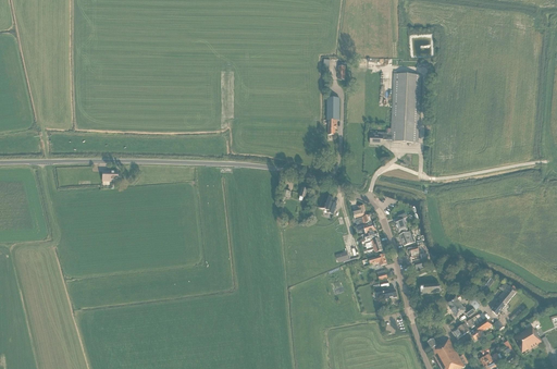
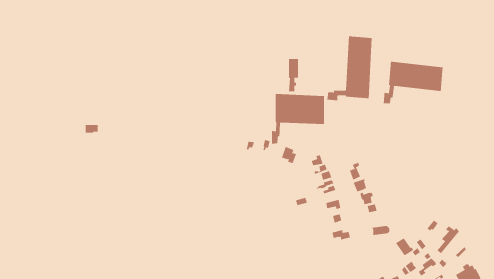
building: none -> [383,61,443,104]
building: none -> [271,93,325,144]

